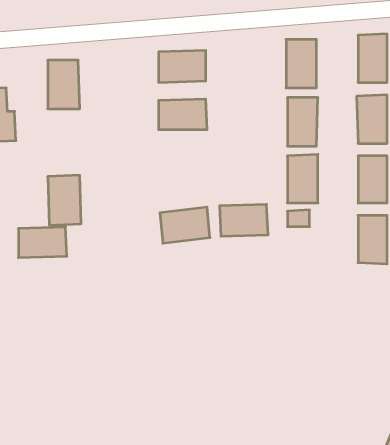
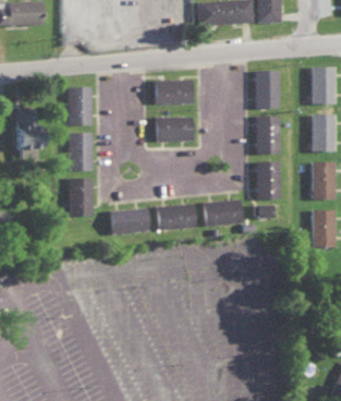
building: none -> [68,133,93,171]
building: [18,227,67,258] -> [110,209,148,233]

